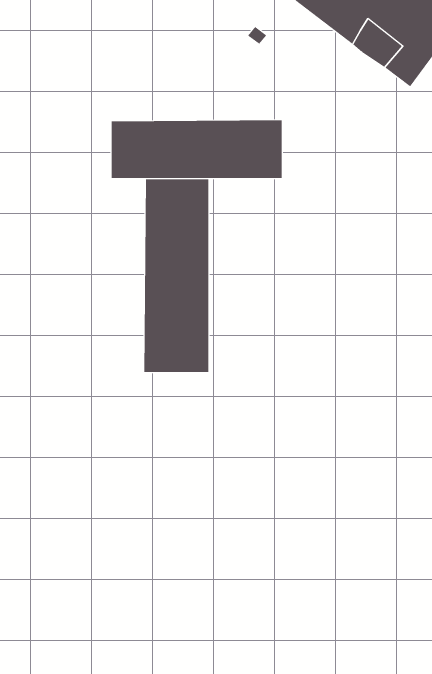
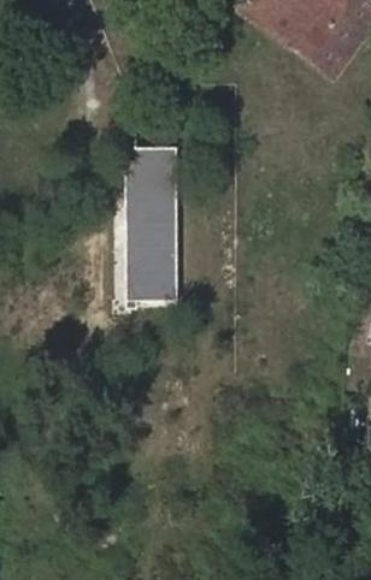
building: [111,119,282,179] -> none

